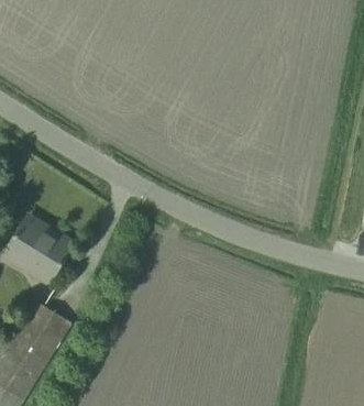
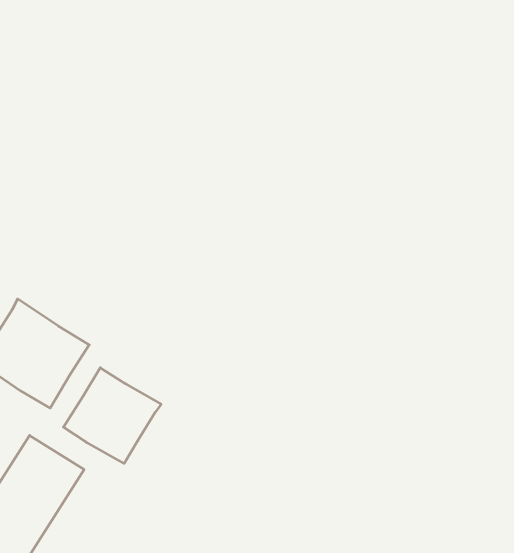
building: none -> [63,368,161,463]

